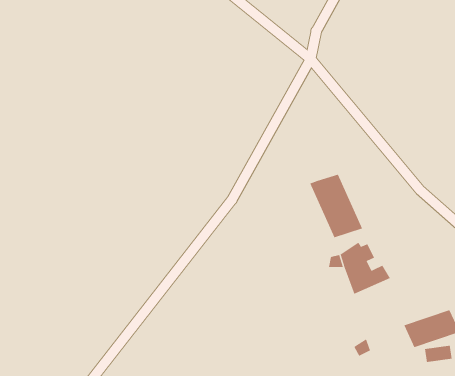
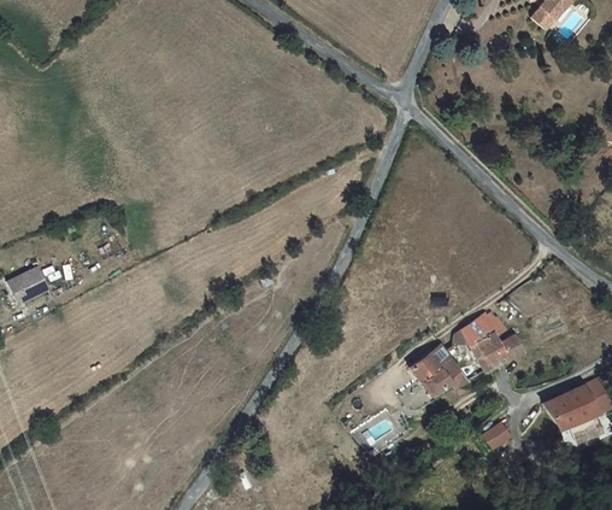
building: [310,174,363,238] -> none
building: none -> [407,341,464,397]

